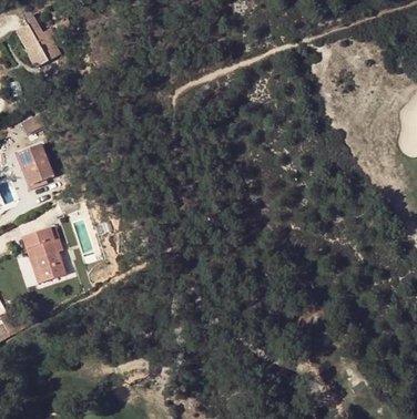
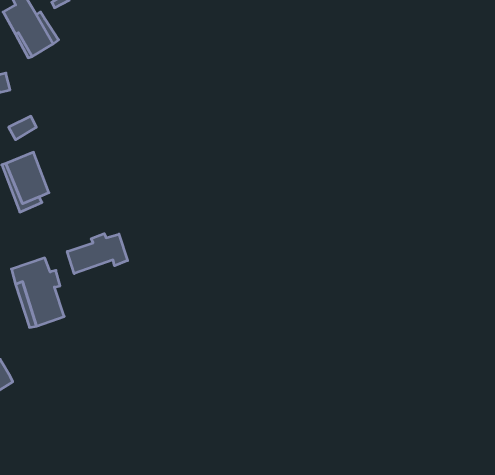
building: none -> [67,234,128,274]

